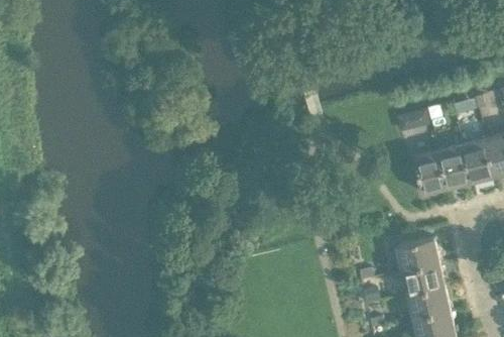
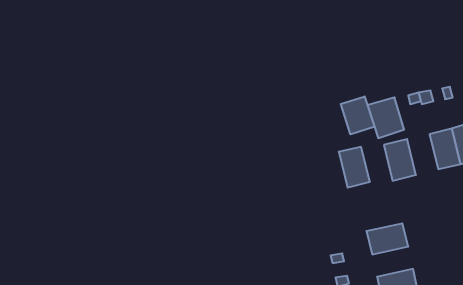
building: none -> [341,96,374,134]
building: [437,146,470,189] -> [339,147,370,188]
building: [401,263,444,295] -> none

